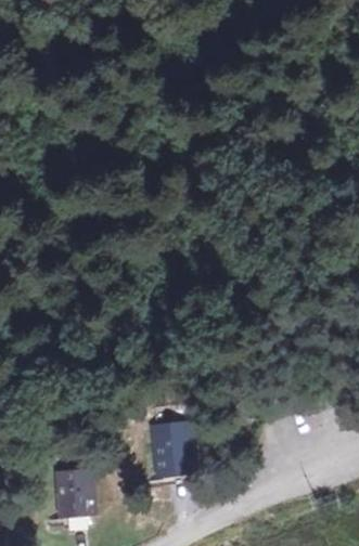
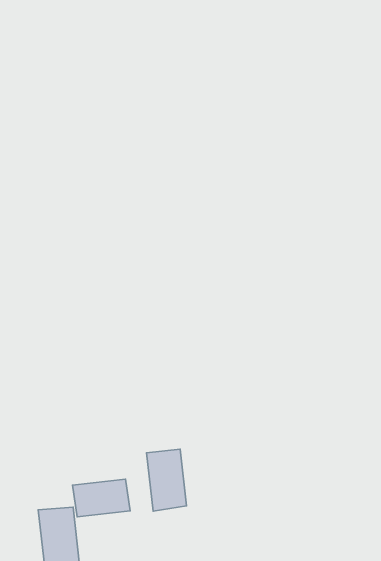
building: none -> [73,479,130,517]

